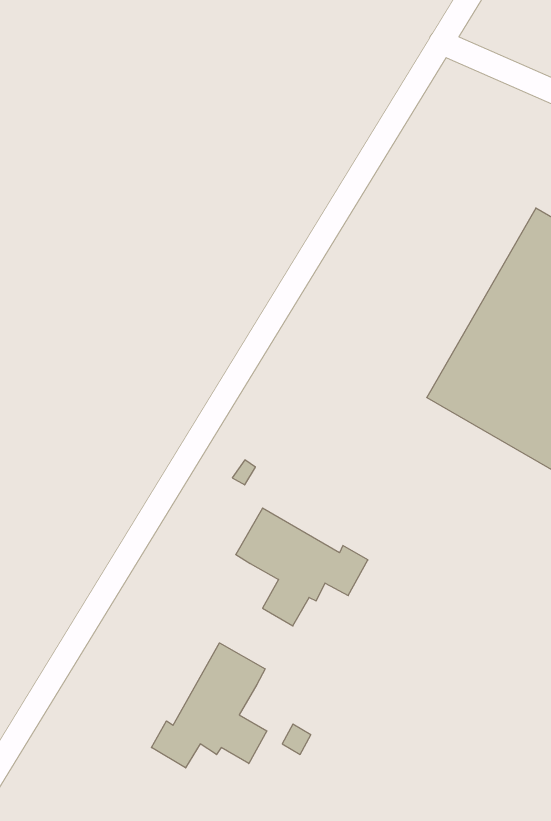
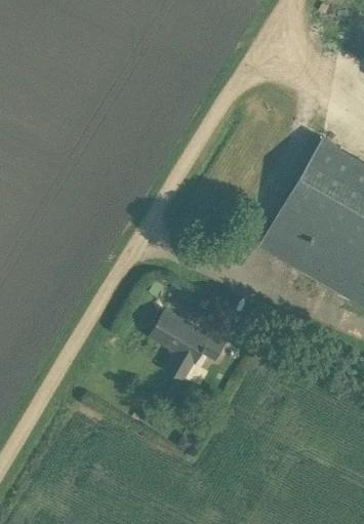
building: [151,643,267,768] -> none

